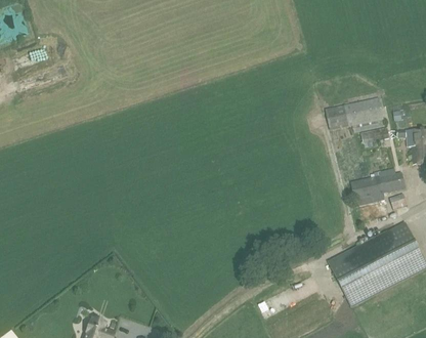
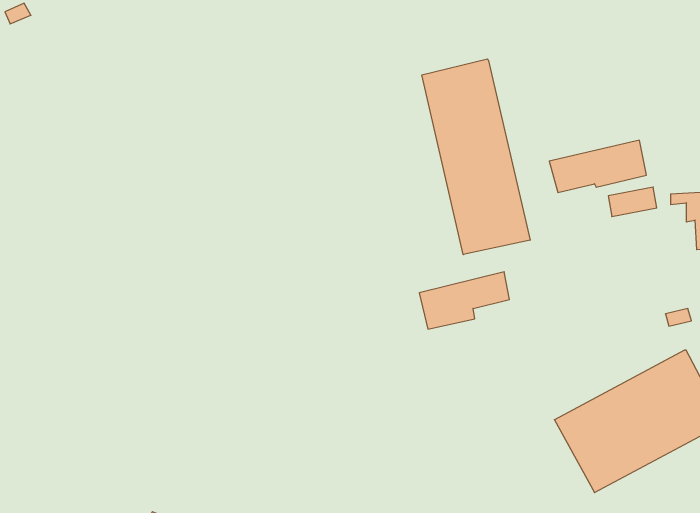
building: none -> [422,59,530,255]
building: [350,170,403,204] -> [419,272,509,329]

